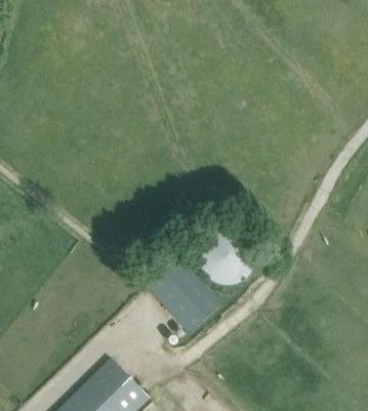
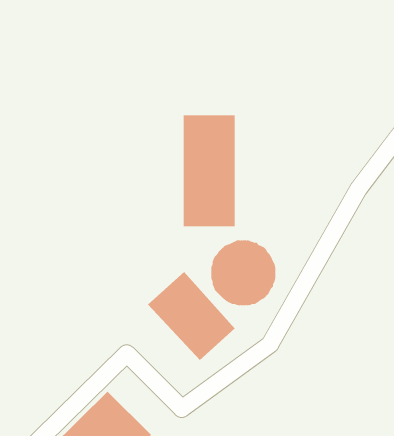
building: none -> [183,115,235,227]

